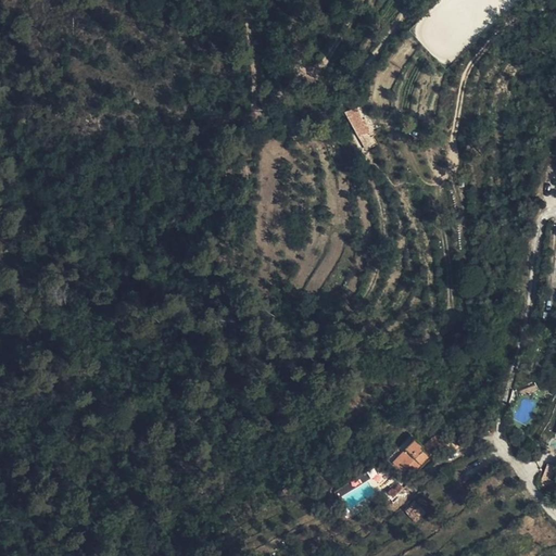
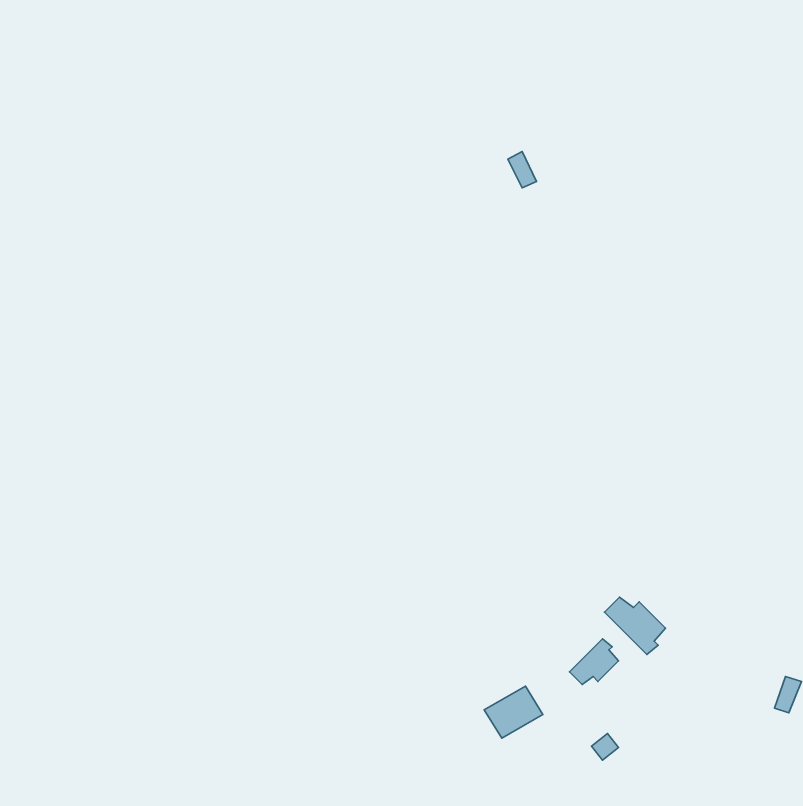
building: none -> [604,597,665,655]

